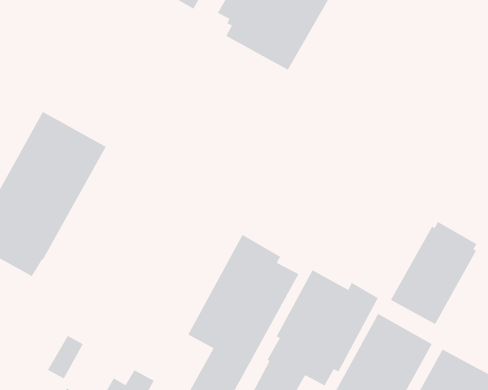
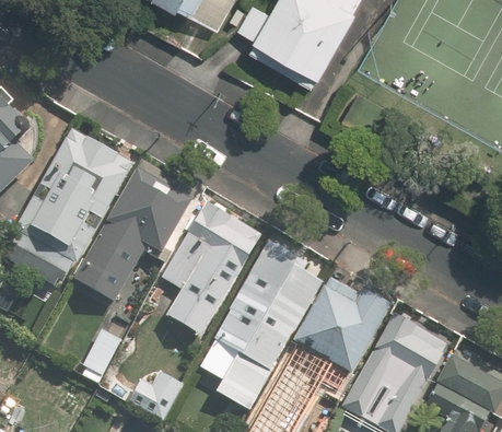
building: none -> [87,166,196,283]
building: none -> [160,205,258,341]
building: [390,221,478,325] -> none

